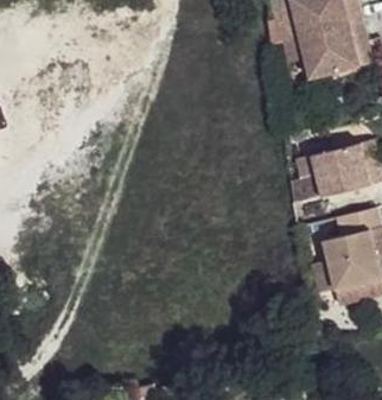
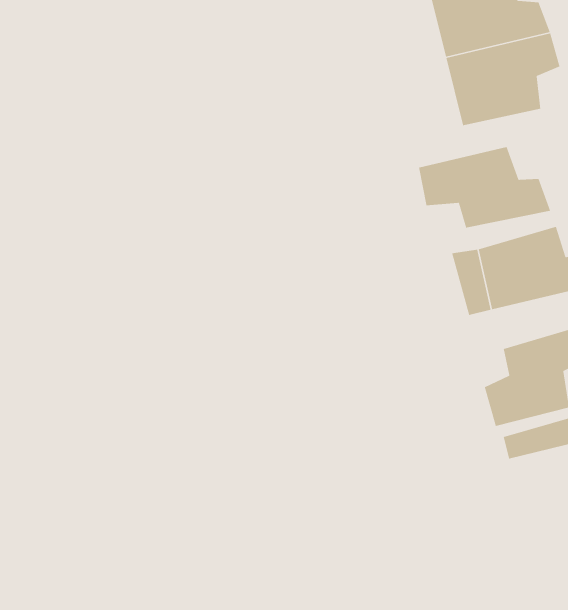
building: none -> [418,146,551,229]

